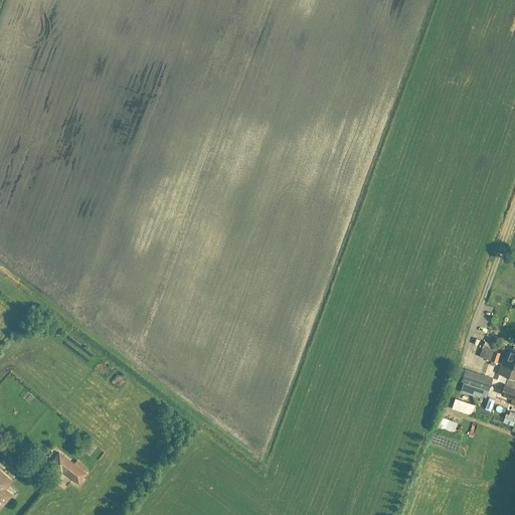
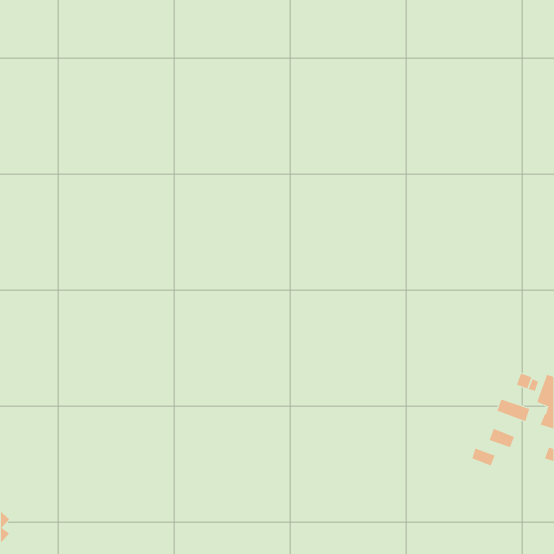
building: [48,452,88,485] -> none

